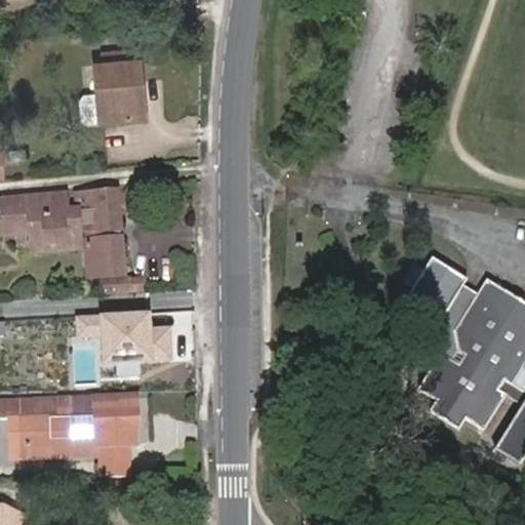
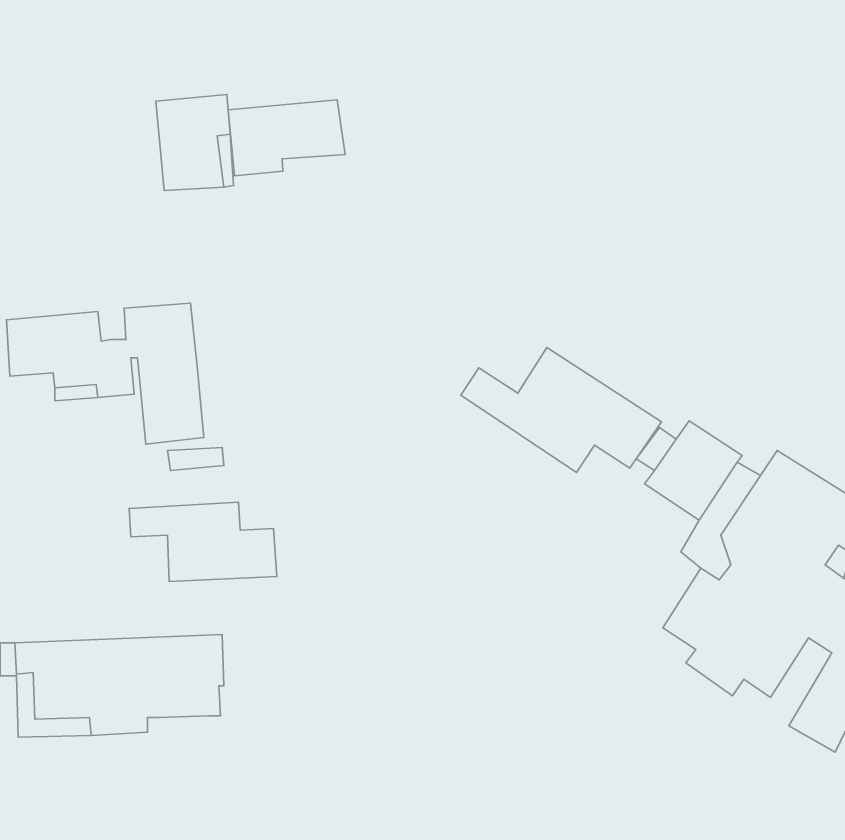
building: none -> [228,100,345,176]
building: none -> [461,347,661,473]
building: [99,443,131,475] -> none

